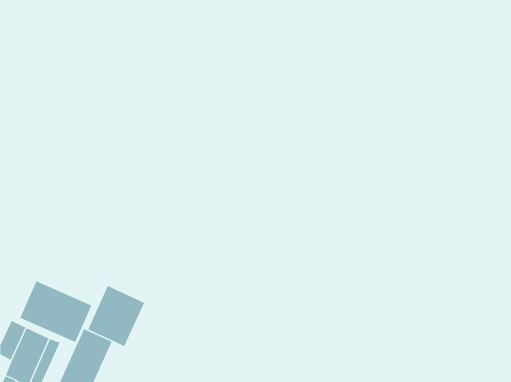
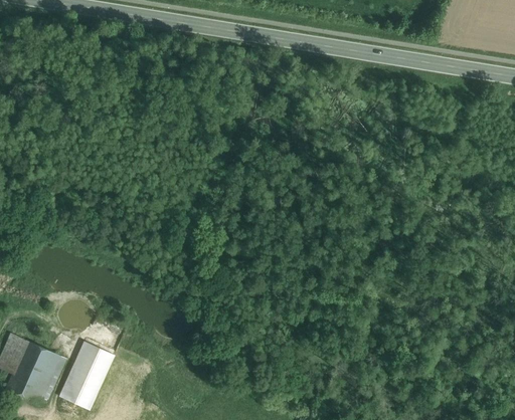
building: [19,281,92,343] -> none
building: [87,285,145,347] -> none

